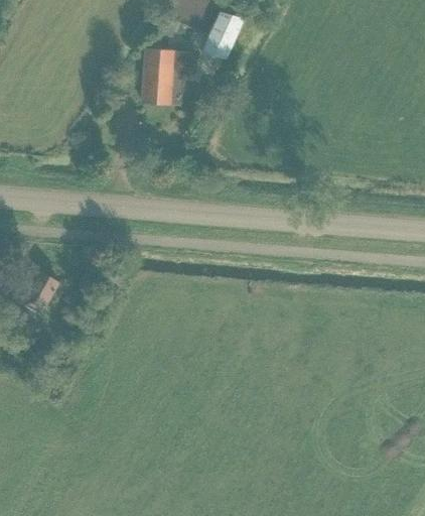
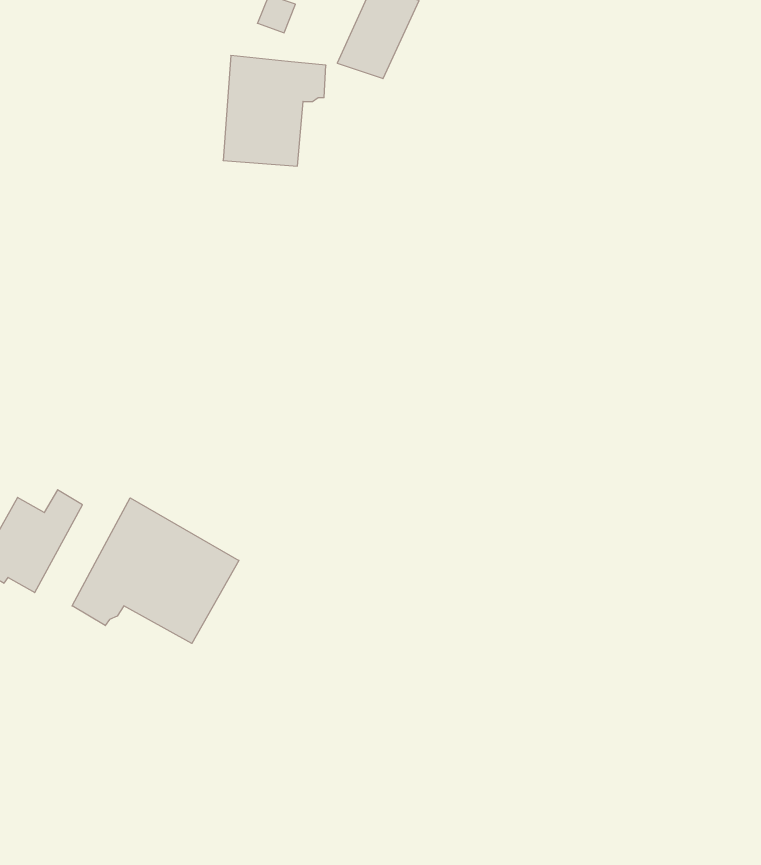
building: none -> [72,498,239,643]

